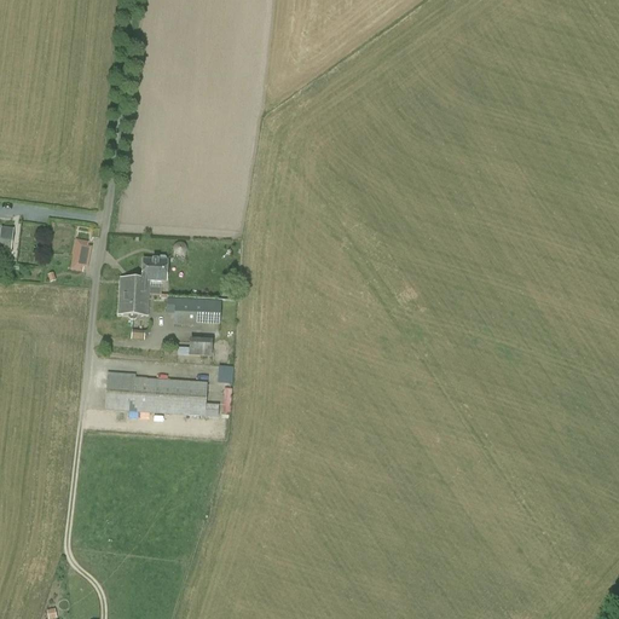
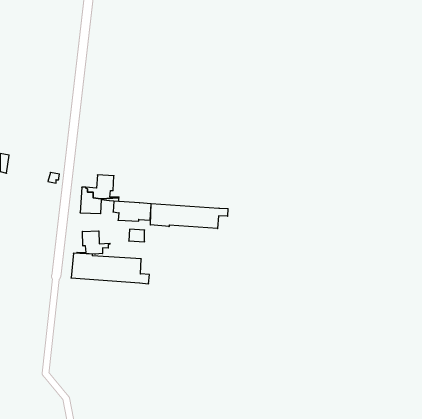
building: none -> [150,204,228,229]
building: none -> [77,231,110,254]

